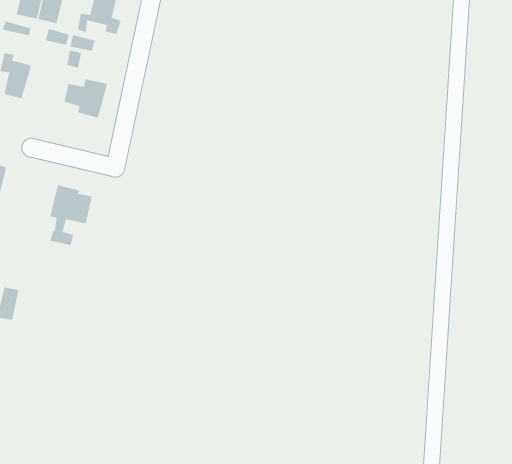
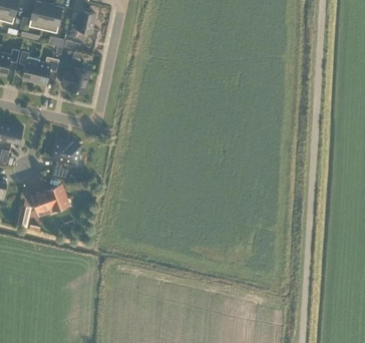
building: none -> [33,57,58,85]
building: none -> [32,186,67,212]

